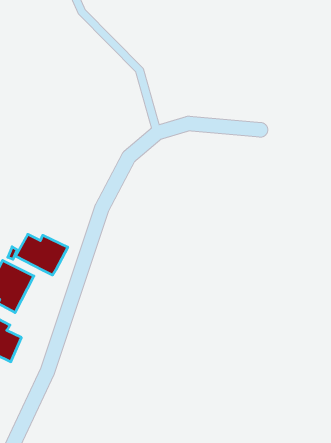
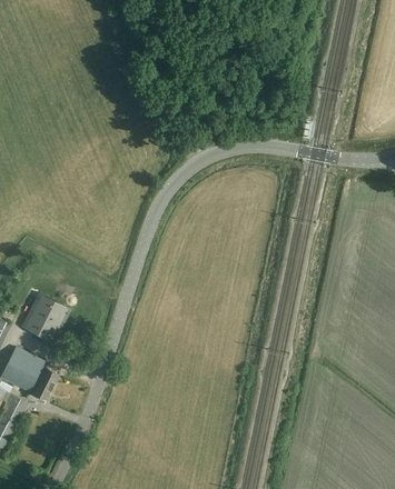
building: [15,234,68,275] -> none

